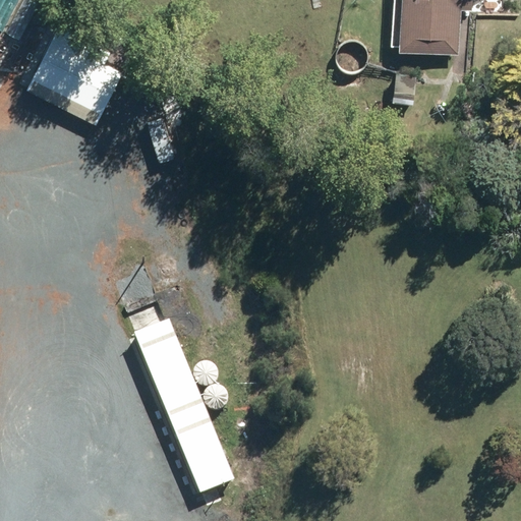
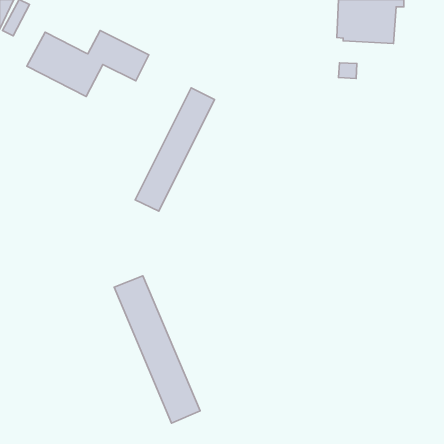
building: none -> [135,88,215,211]

